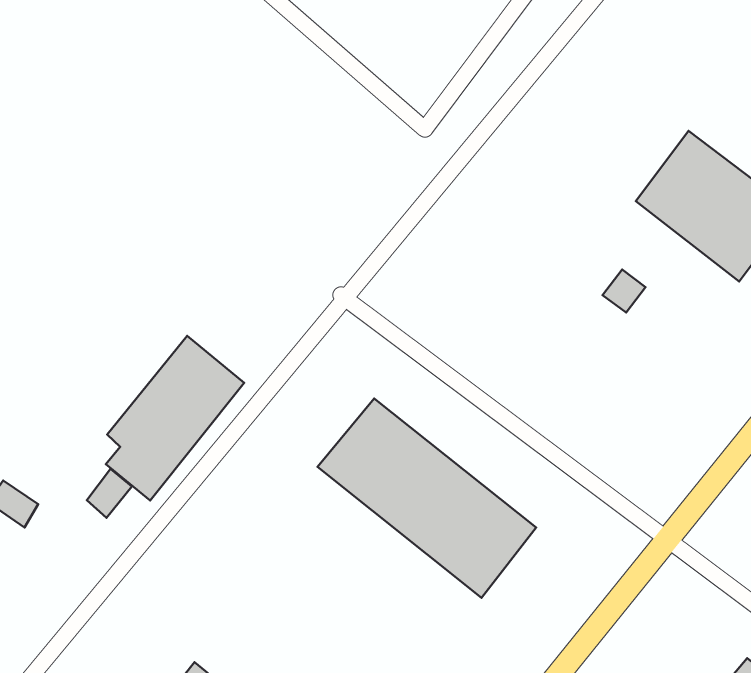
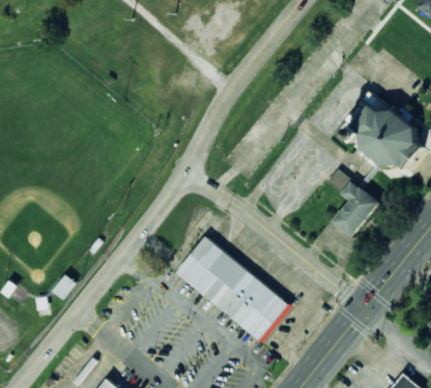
building: none -> [331,181,377,237]
building: [106,336,244,501] -> none

